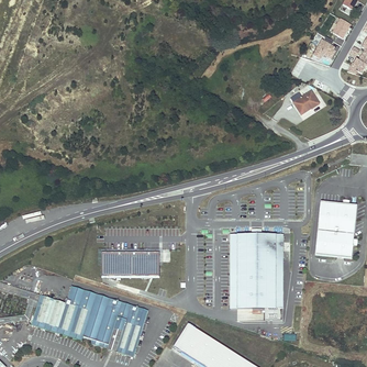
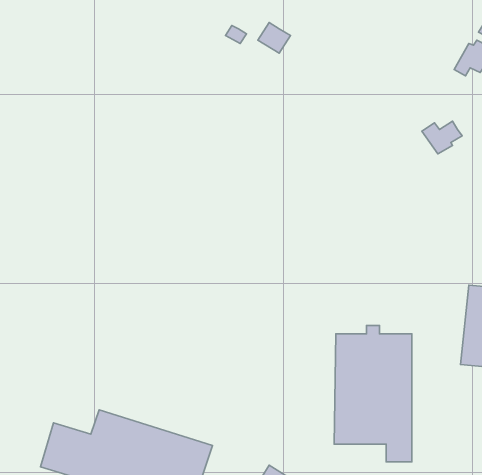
building: [101,252,158,277] -> none

